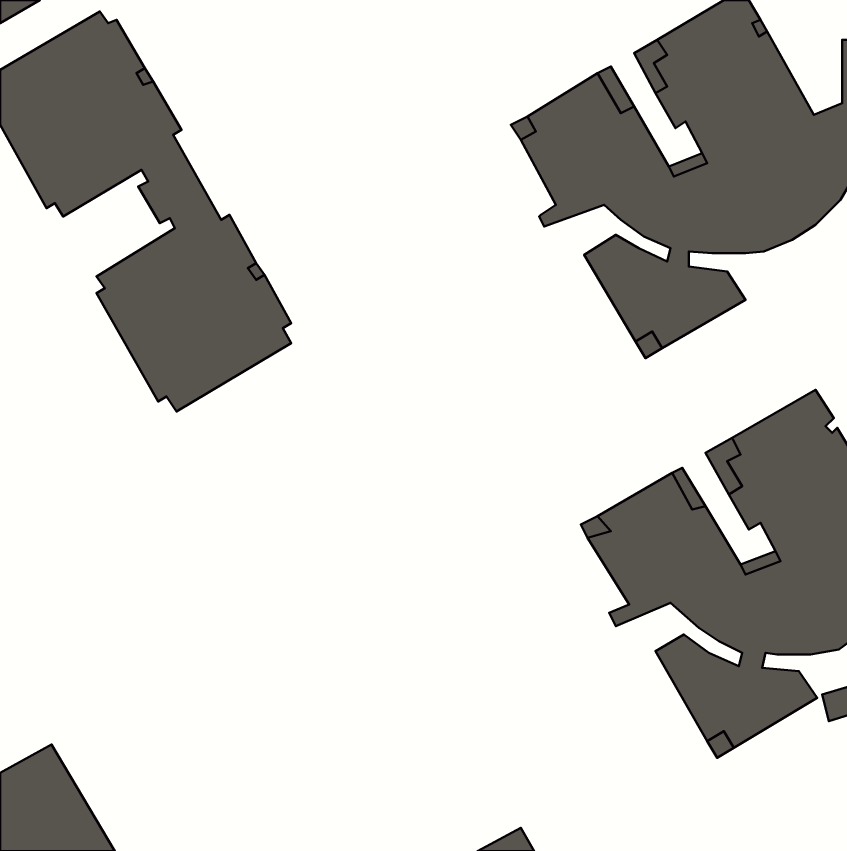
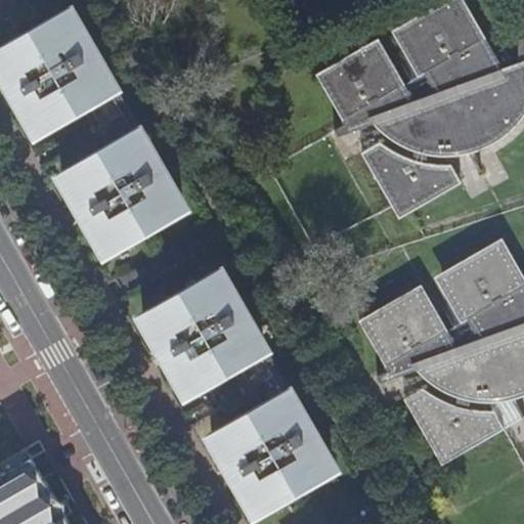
building: none -> [146,271,336,516]

